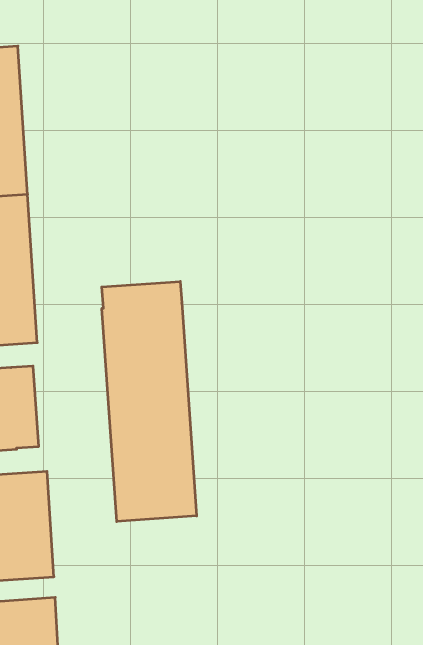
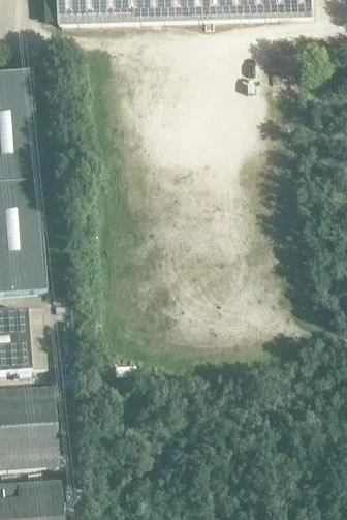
building: [102,281,197,522] -> none

